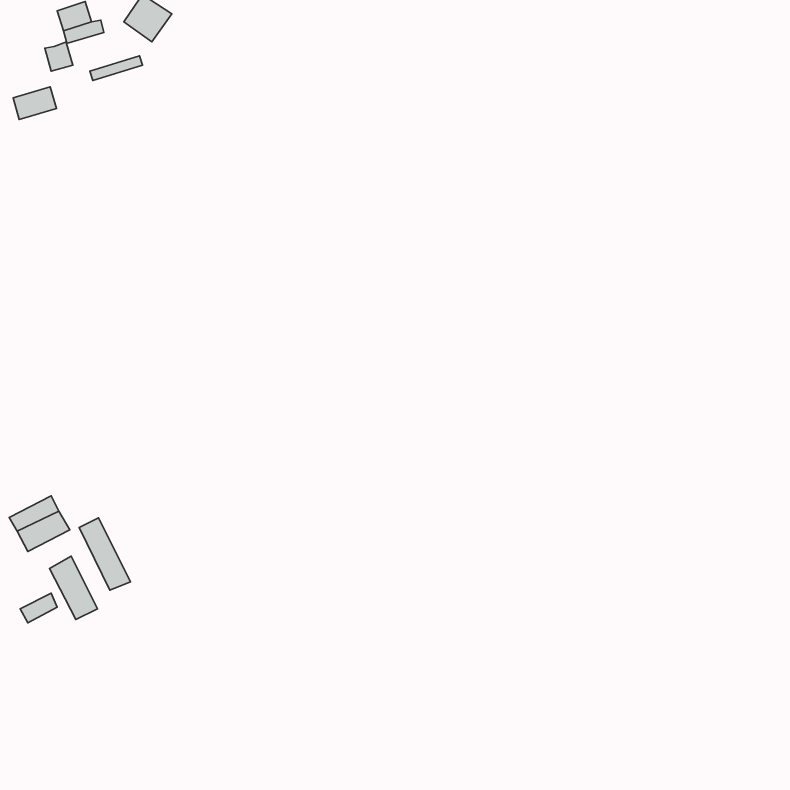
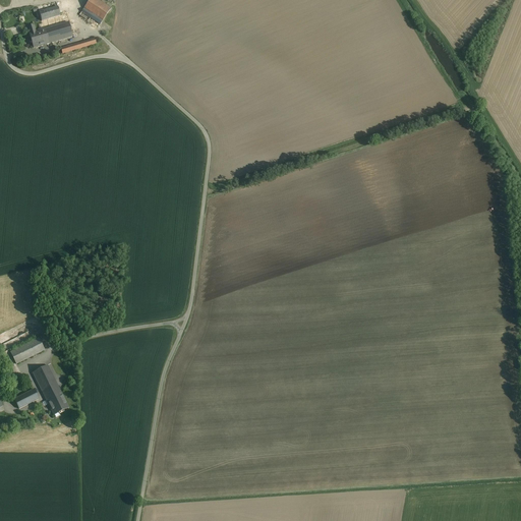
building: [13,87,57,119] -> [45,21,73,43]
building: [79,518,131,590] -> none

